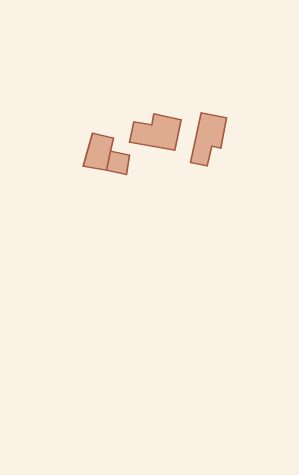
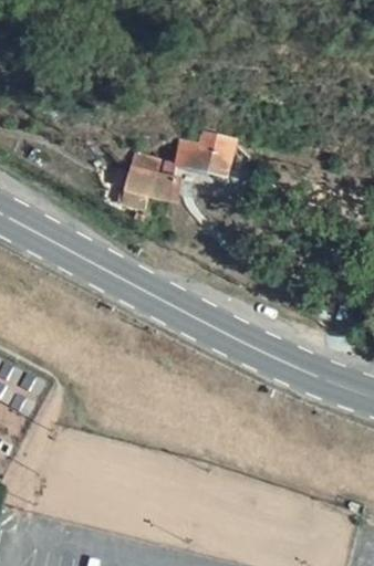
building: [190,113,226,166] -> none

